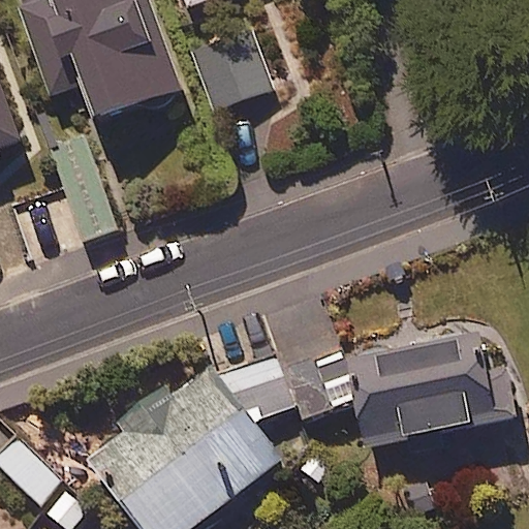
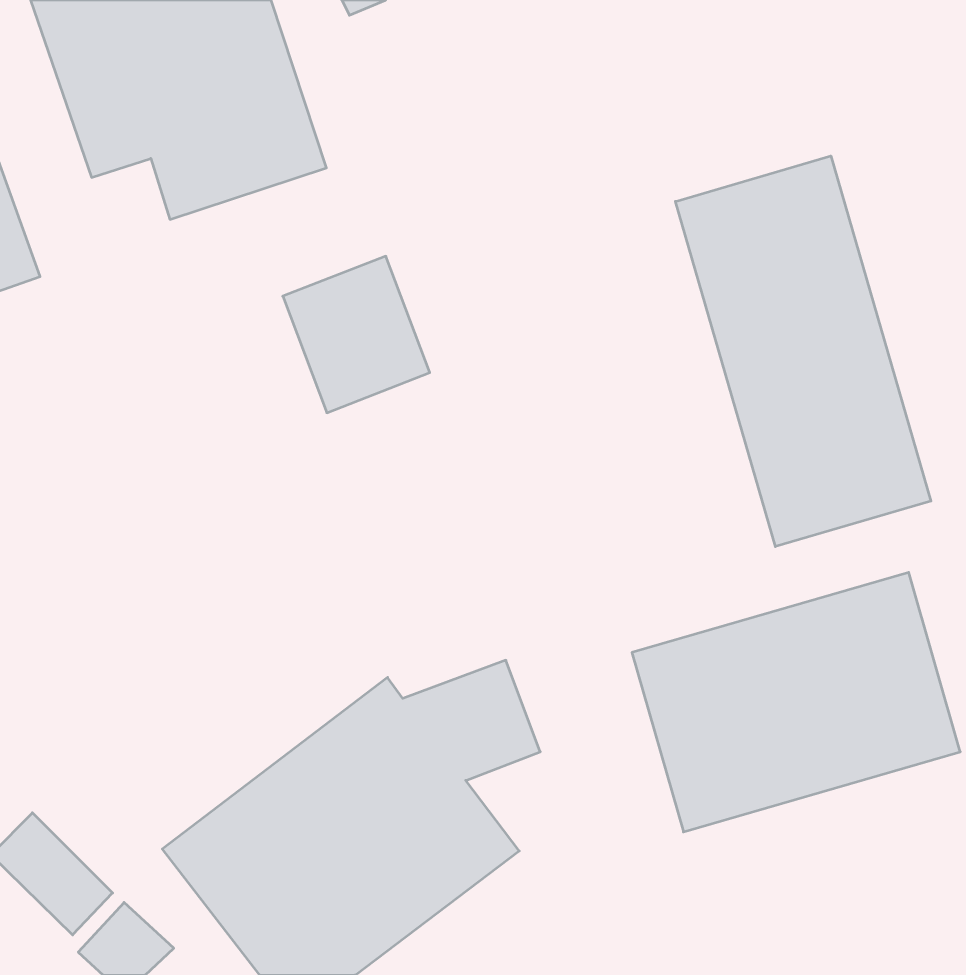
building: [191,26,271,111] -> [283,256,430,413]
building: none -> [675,156,931,547]

